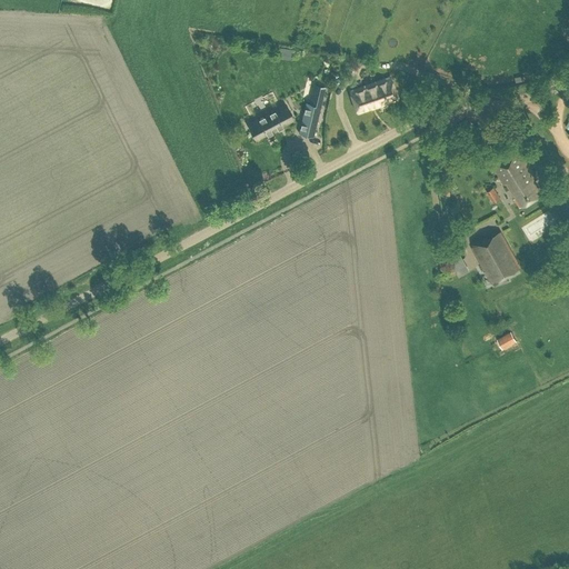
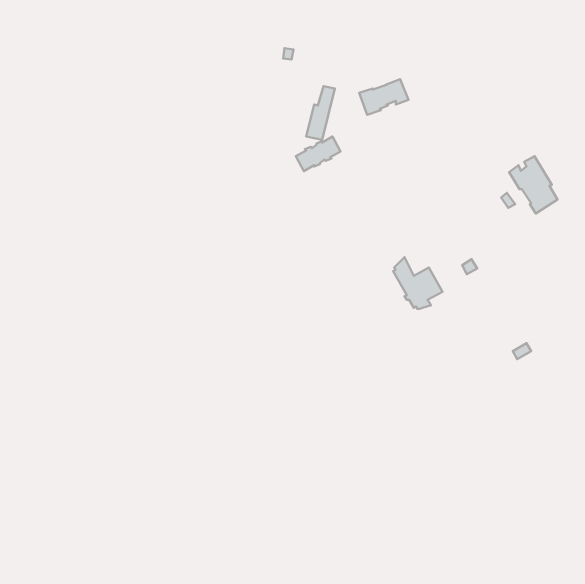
building: [248,107,291,140] -> [296,137,341,171]
building: [471,236,519,286] -> [393,257,442,309]

